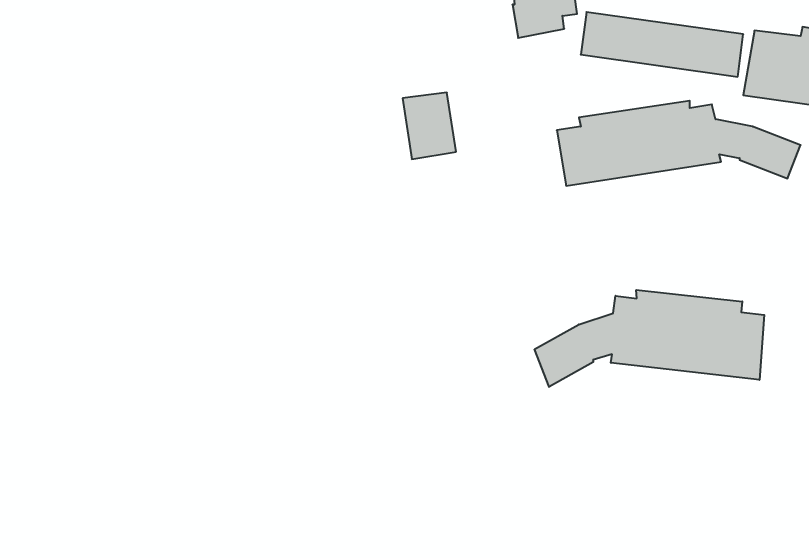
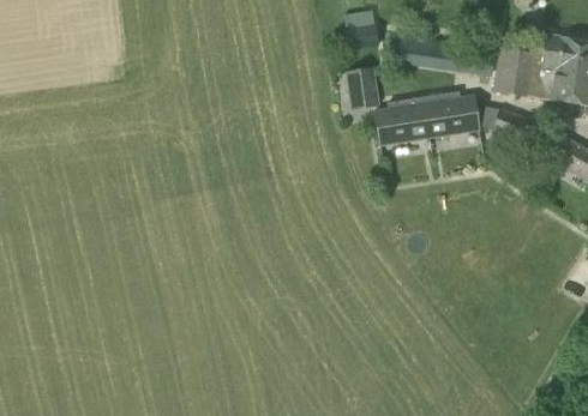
building: [403,93,456,159] -> [344,68,379,111]
building: [535,290,764,387] -> none

